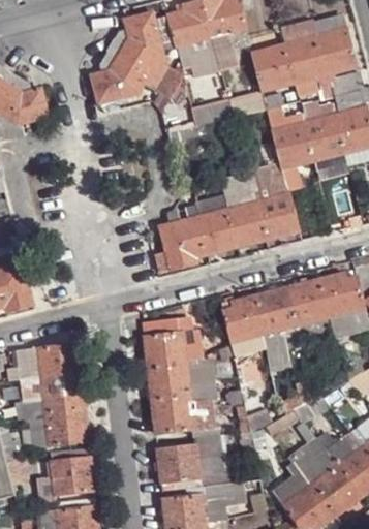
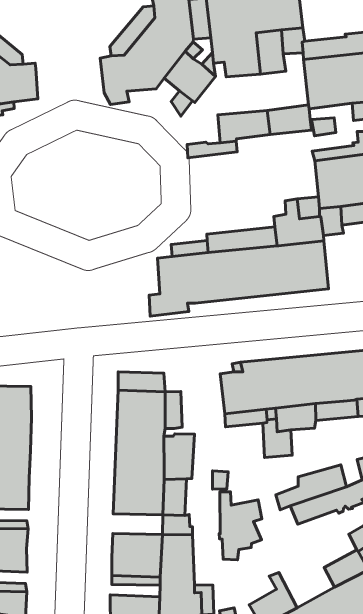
building: [288,437,337,487] -> none

